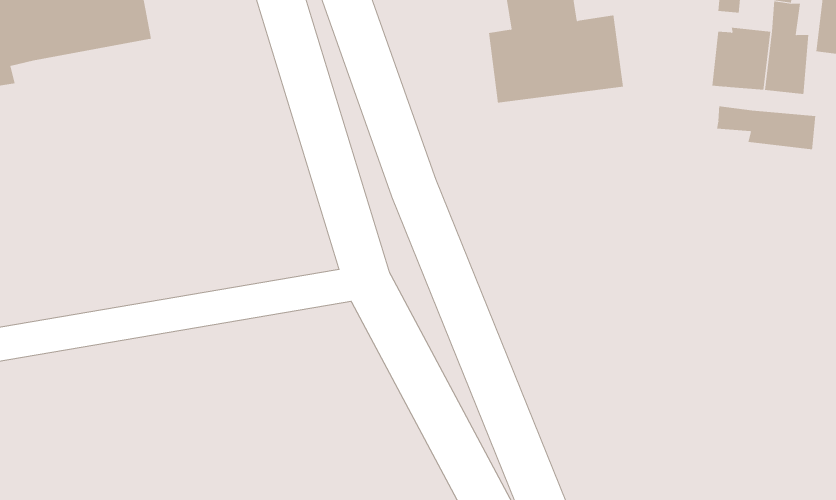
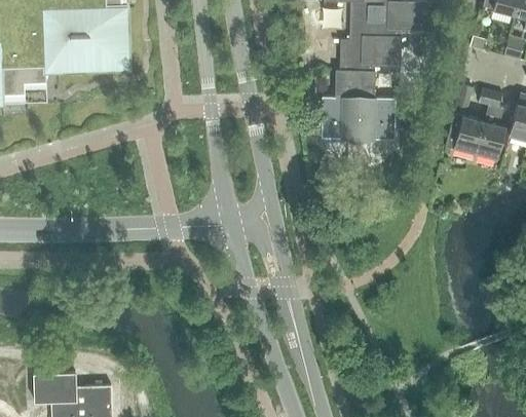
building: [716,106,816,150] -> none

